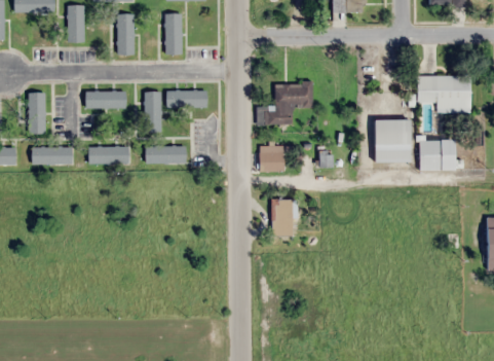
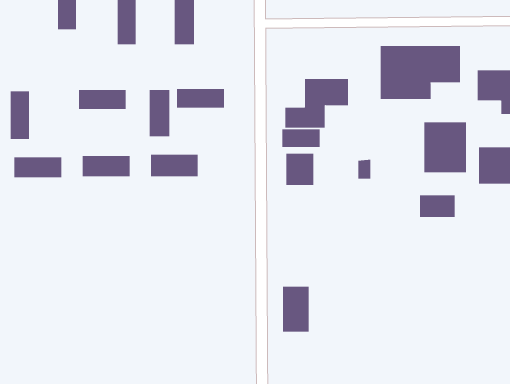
building: none -> [380,45,460,100]
building: none -> [282,128,320,148]
building: none -> [420,194,455,218]
building: [270,198,293,237] -> [282,286,310,332]

